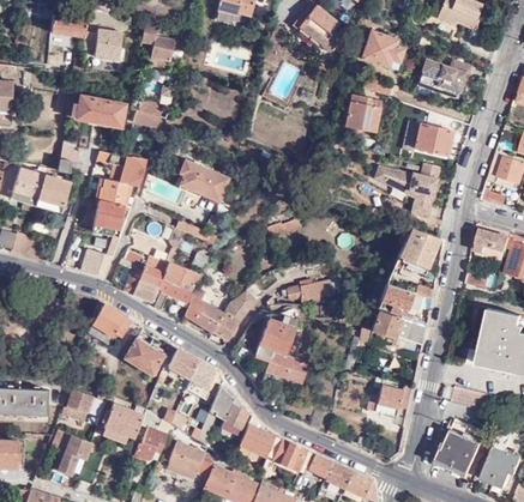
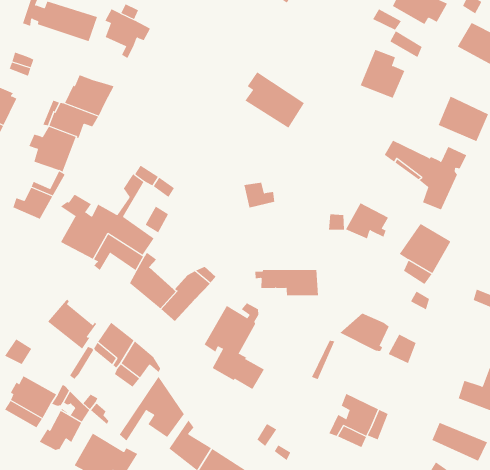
building: [180,158,229,200] -> [244,71,305,129]
building: [378,284,411,313] -> [345,202,389,239]
building: [89,300,130,343] -> none

